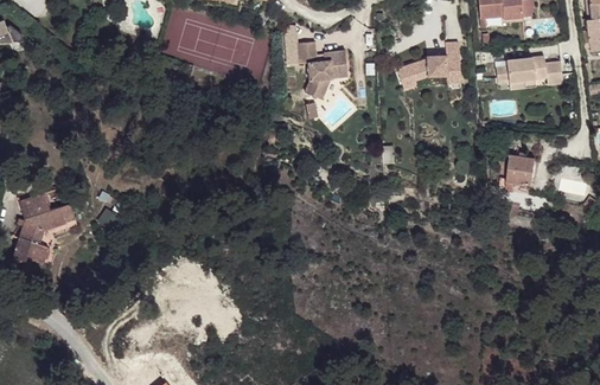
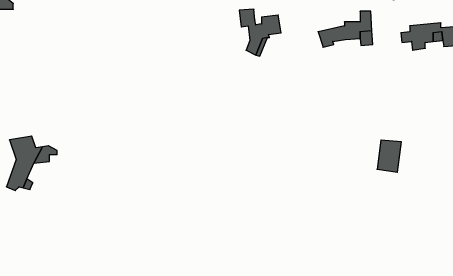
building: [505,155,535,194] -> [377,140,401,172]

